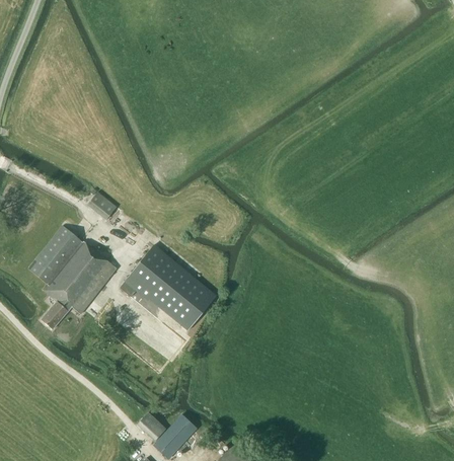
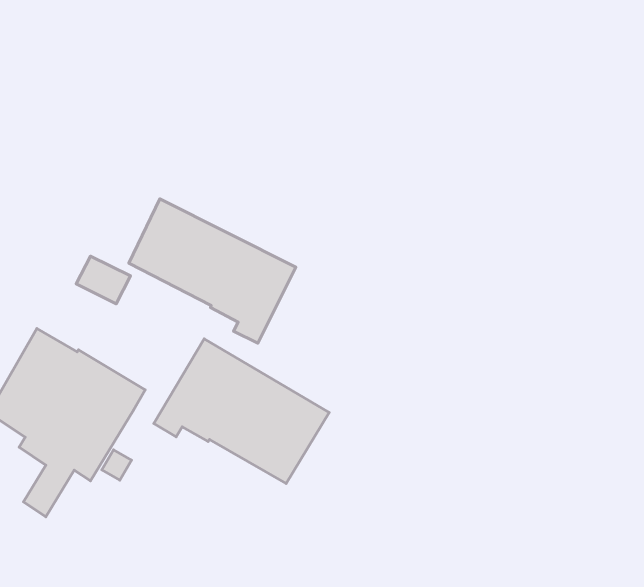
building: none -> [129,199,296,343]

